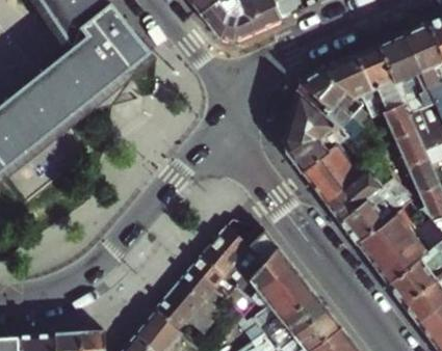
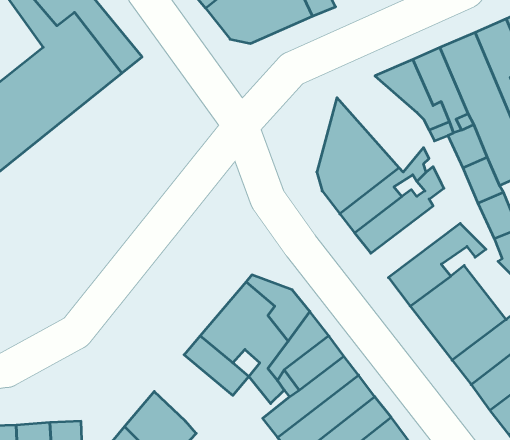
building: [300,66,366,140] -> none
building: [326,153,394,221] -> none
building: [159,280,241,338] -> none

